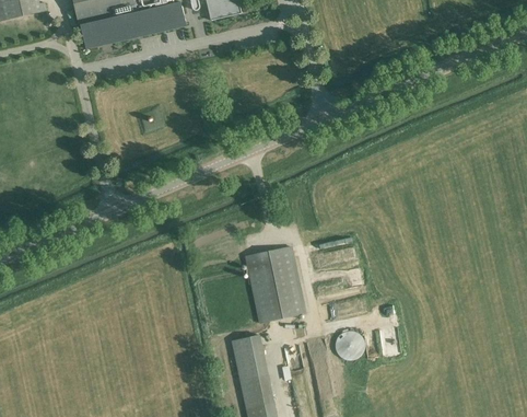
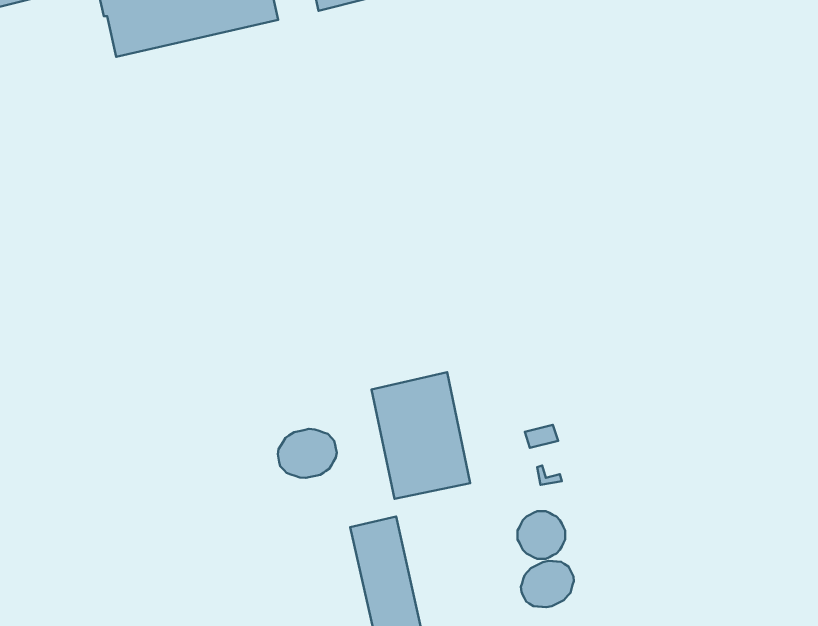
building: none -> [278,429,337,478]
building: none -> [521,561,574,607]

